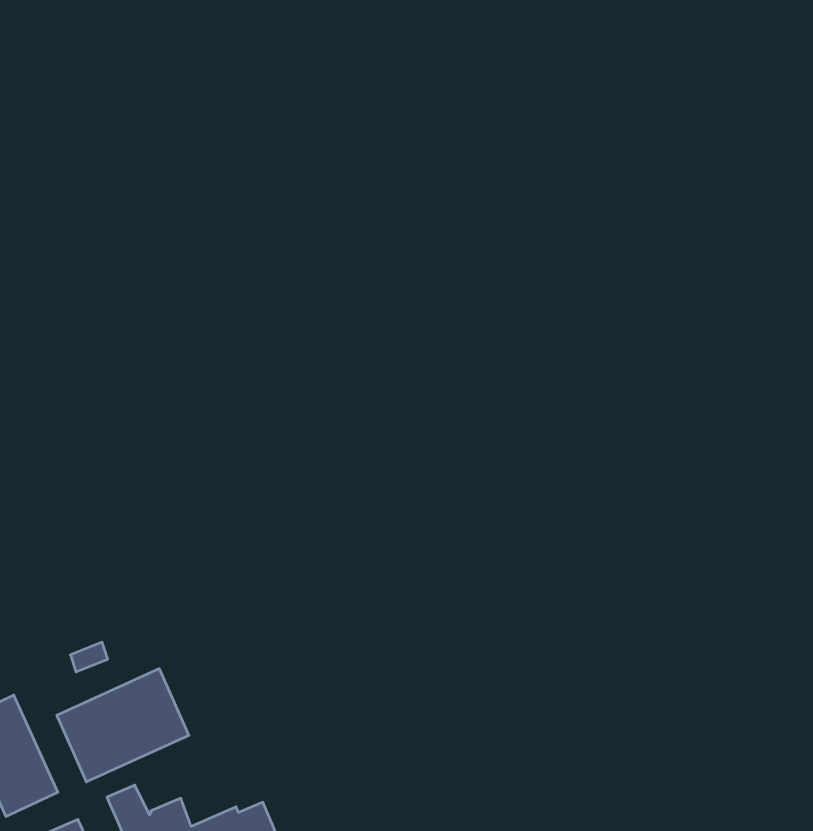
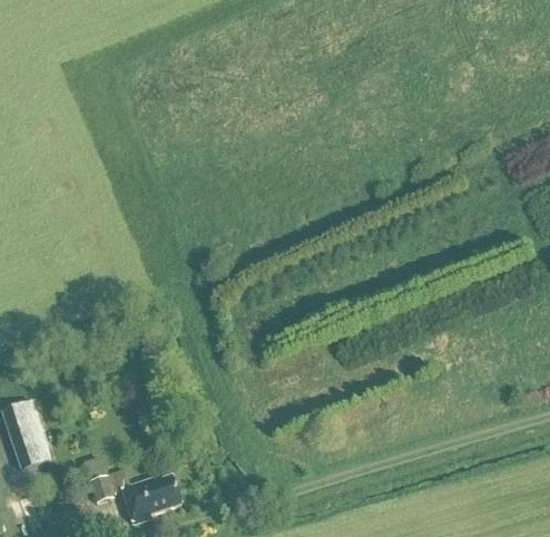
building: [57,669,189,782] -> none

